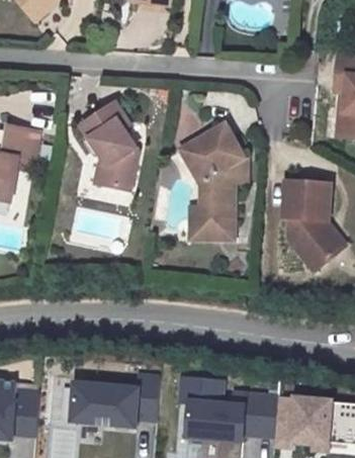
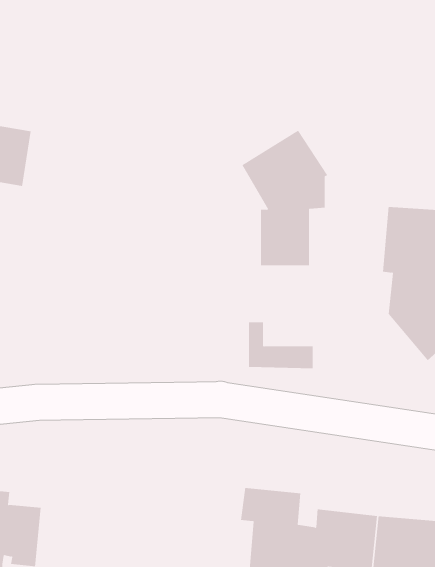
building: [83,102,138,207] -> none
building: [185,203,232,237] -> [248,322,314,369]
building: [73,376,162,427] -> none

